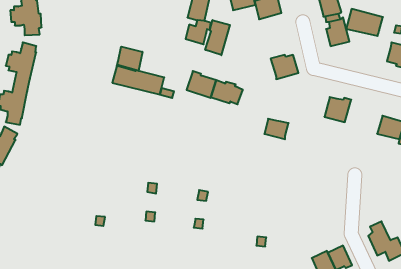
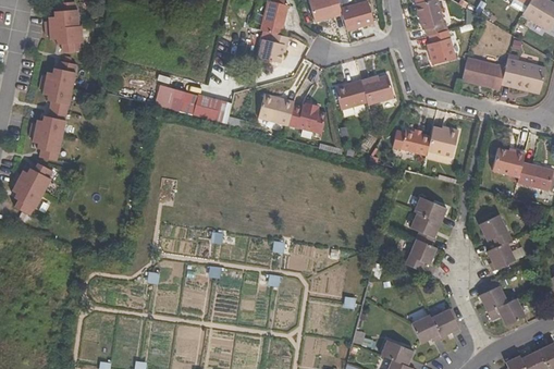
building: [346,9,383,36] -> [461,57,506,89]
building: [205,20,230,55] -> none
building: [117,47,142,71] -> none
building: none -> [334,79,367,109]
building: [264,119,289,139] -> [401,130,430,155]
building: none -> [409,195,446,237]
building: none -> [478,213,514,269]
building: none -> [405,238,435,270]

